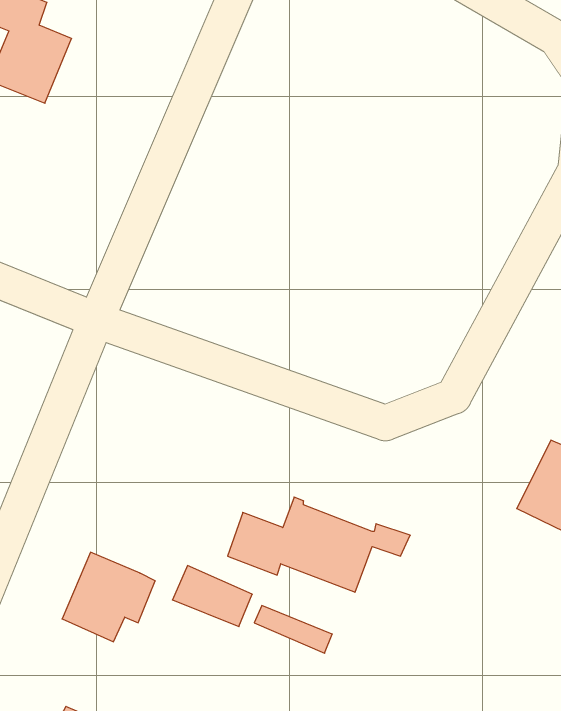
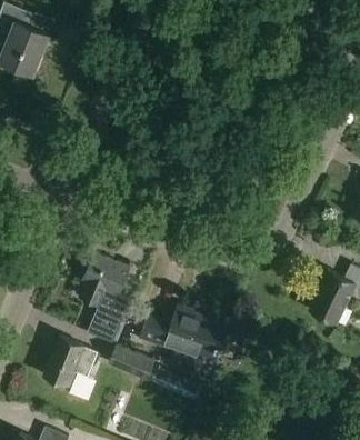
building: none -> [79,252,130,344]

